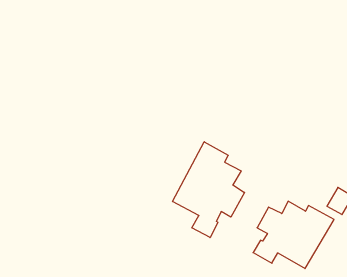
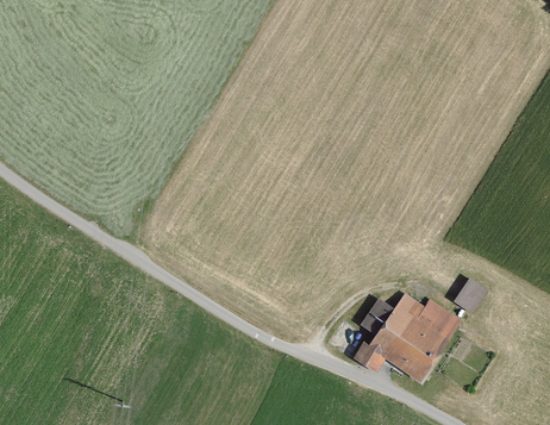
building: [173,142,245,238] -> none

